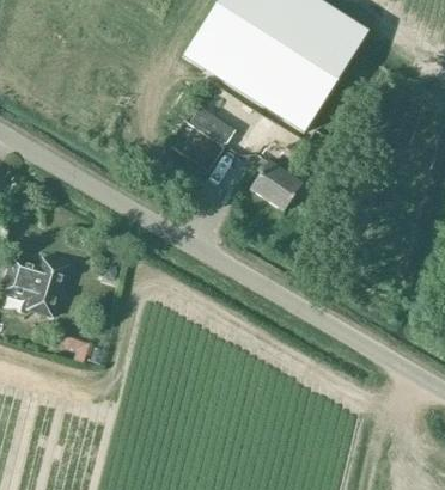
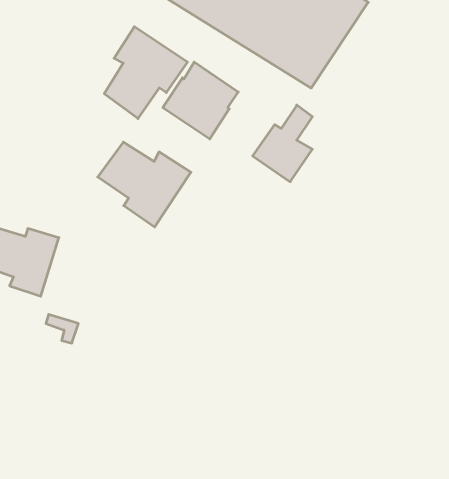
building: none -> [104,27,187,119]
building: none -> [98,142,191,227]

